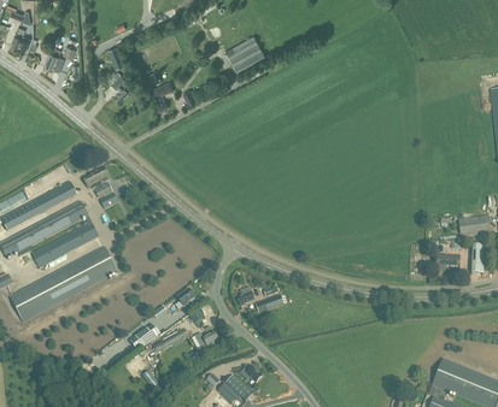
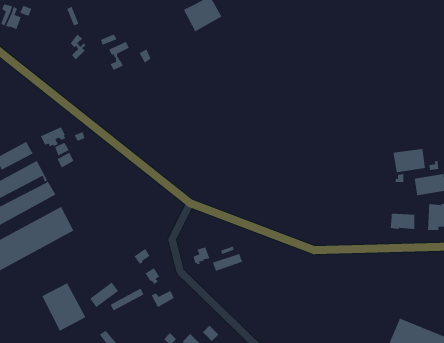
building: none -> [393,148,426,173]
building: none -> [41,282,87,332]

